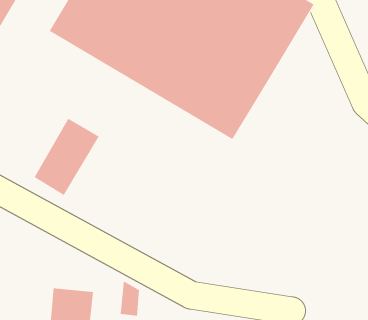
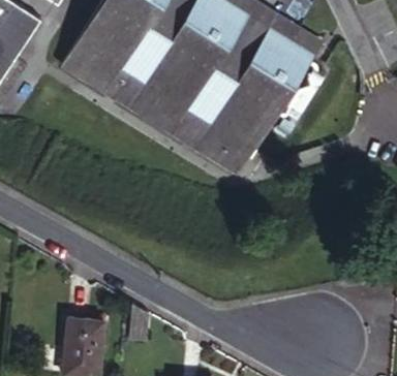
building: [34,118,99,196] -> none

